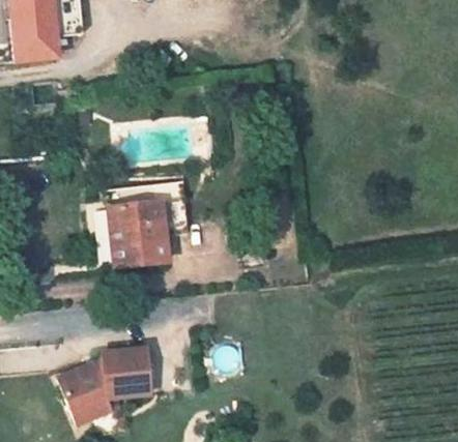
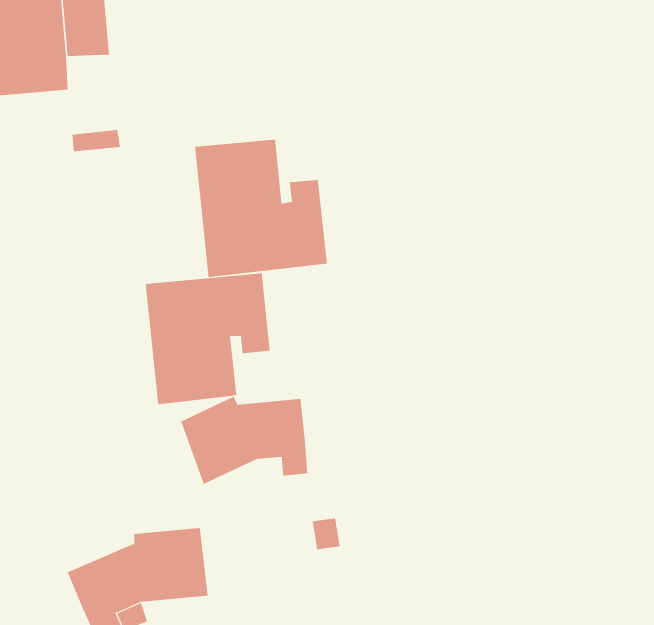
building: none -> [194,139,327,278]
building: none -> [180,396,308,485]

